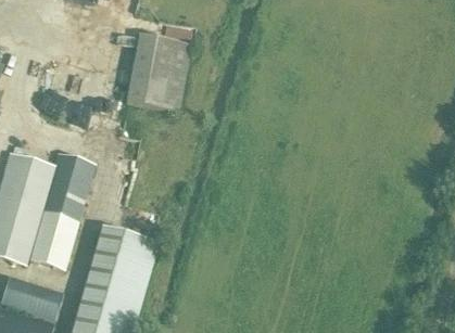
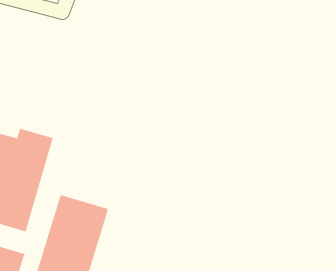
building: [126,34,191,112] -> none

